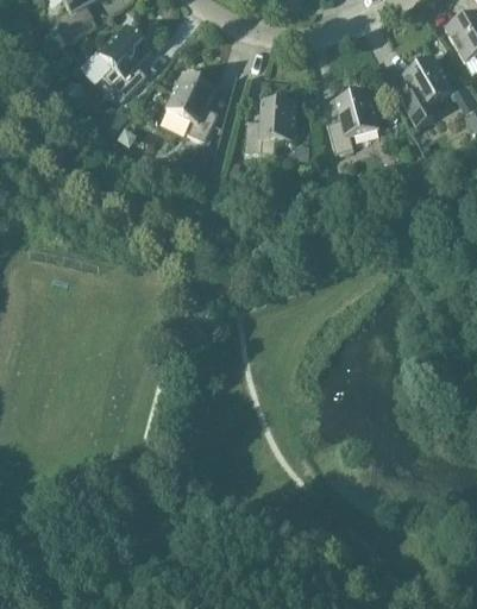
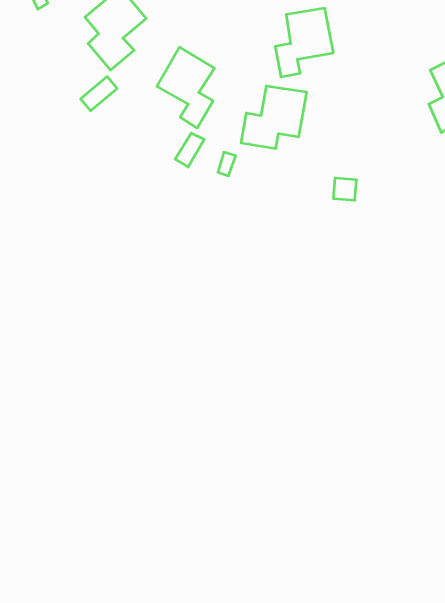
building: [327,88,378,151] -> [275,8,333,77]

